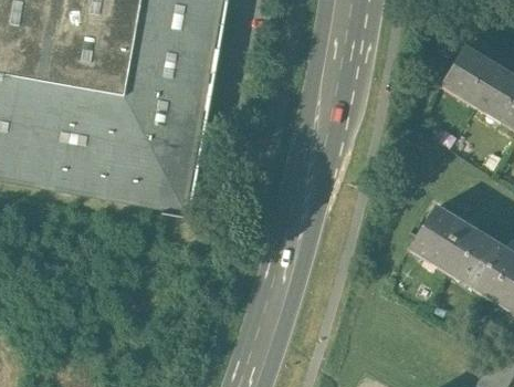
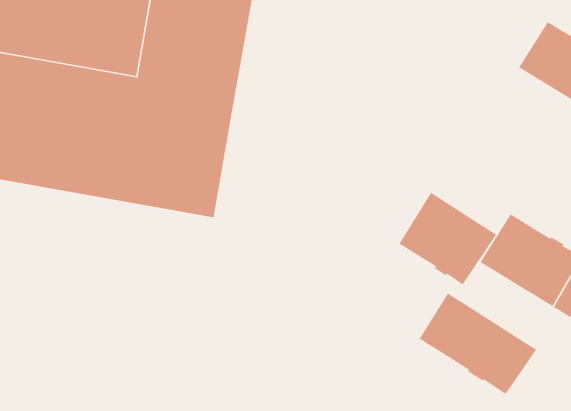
building: none -> [397,190,497,286]
building: none -> [417,290,537,395]

